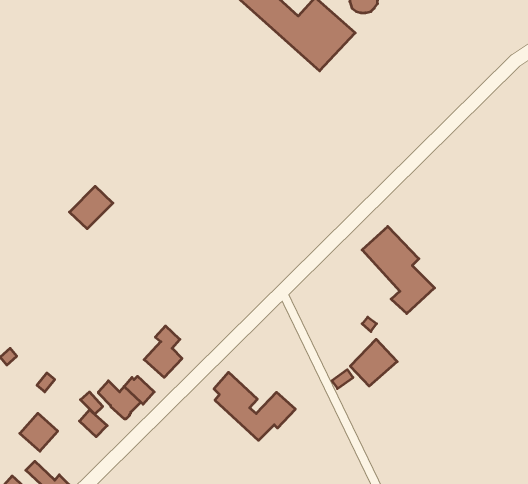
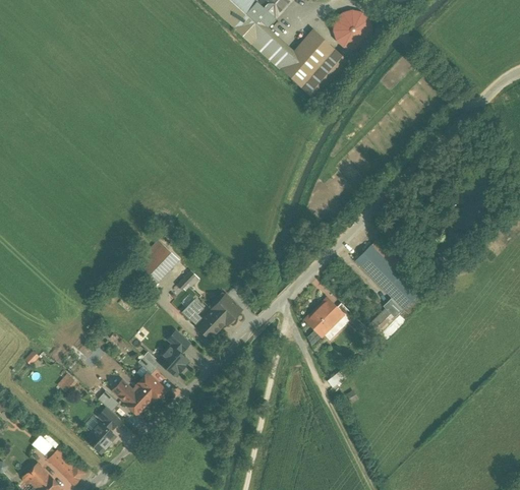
building: [69,186,113,229] -> [138,244,178,283]
building: [350,339,397,386] -> [302,296,345,339]
building: [214,372,295,440] -> [168,274,242,336]
building: [20,413,58,451] -> [82,419,117,453]

